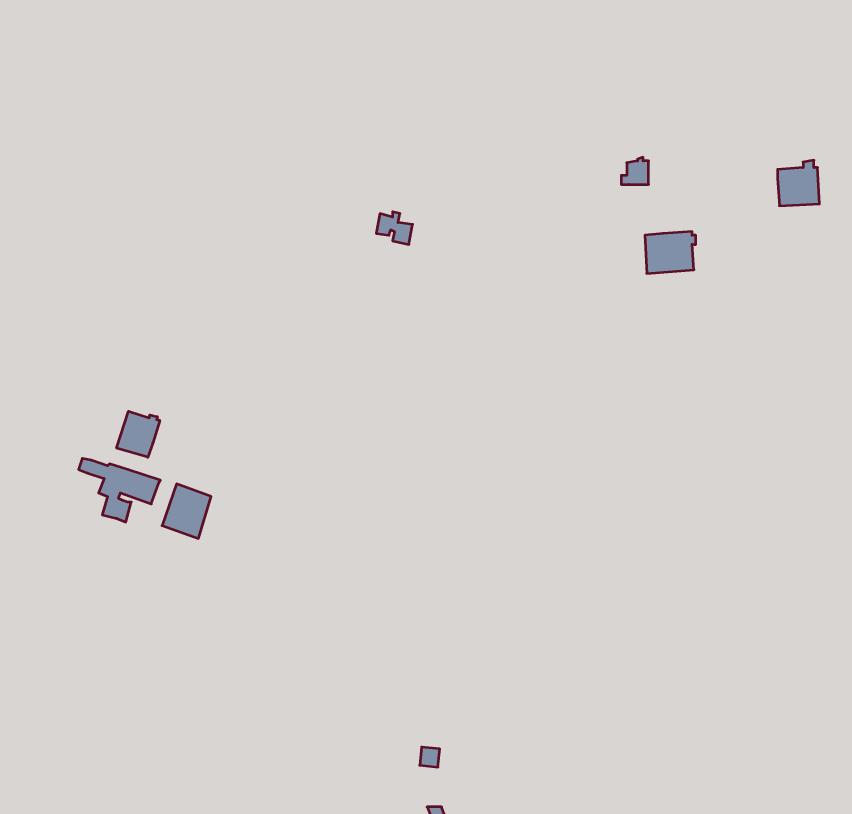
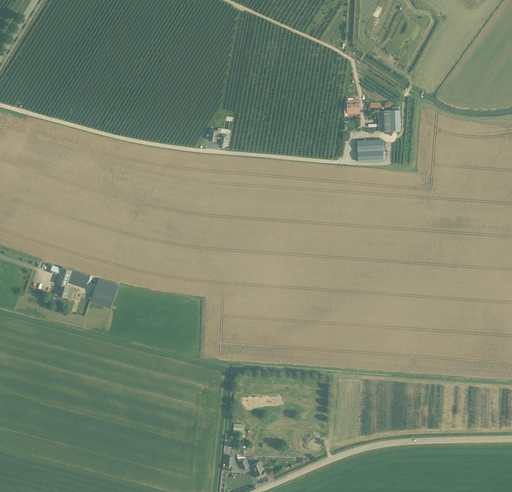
building: [778,160,819,206] -> [377,106,400,131]
building: [117,411,160,457] -> none

